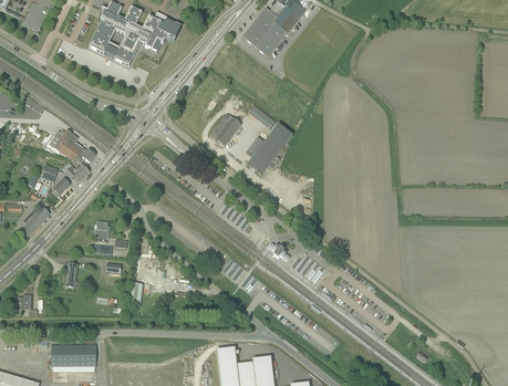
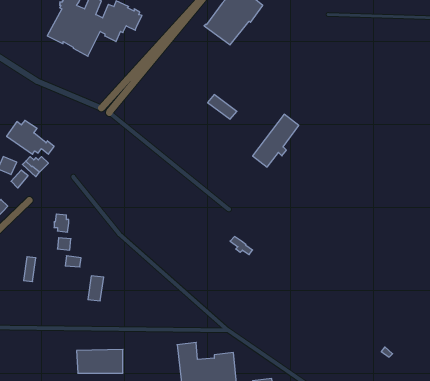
building: [209,112,241,145] -> none
building: [247,124,292,176] -> [253,114,299,167]
building: [51,343,96,366] -> [77,349,123,373]

